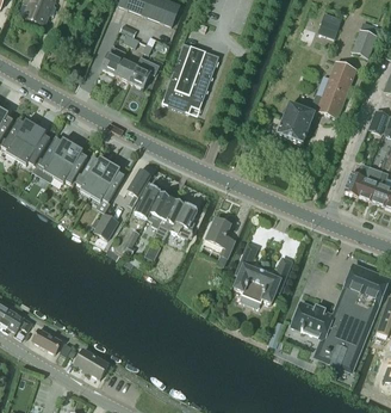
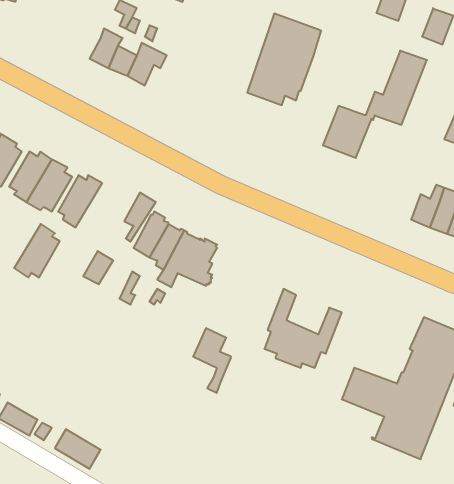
building: [162,43,218,112] -> [247,14,321,105]
building: [89,162,124,203] -> [14,224,60,277]
building: [205,217,234,266] -> [193,328,231,393]

